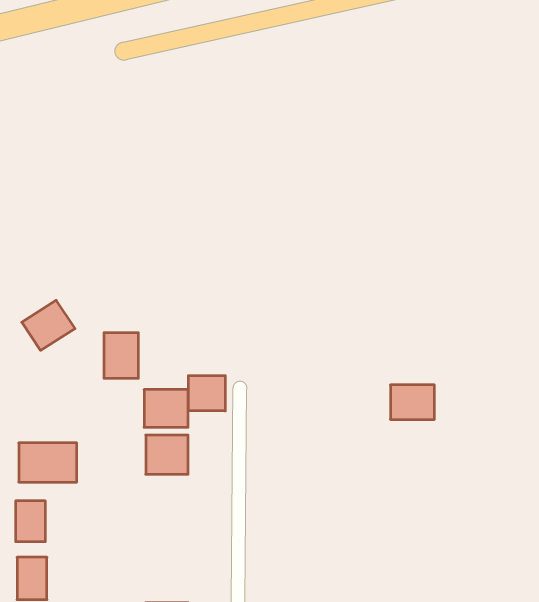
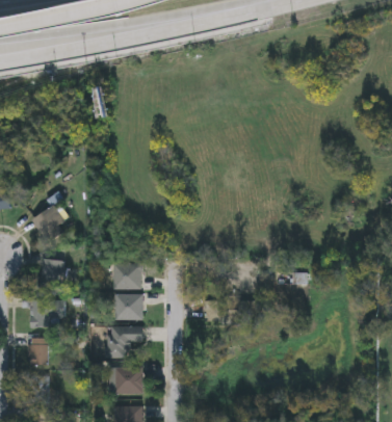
building: [104,333,138,378] -> [43,259,66,289]
building: [188,376,225,411] -> none
building: none -> [107,326,143,358]
building: none -> [110,367,142,393]

